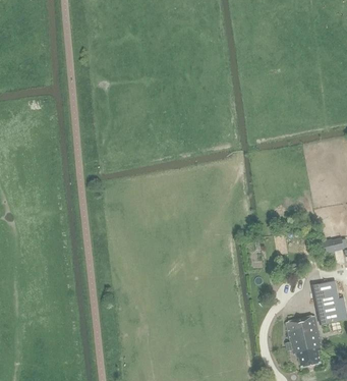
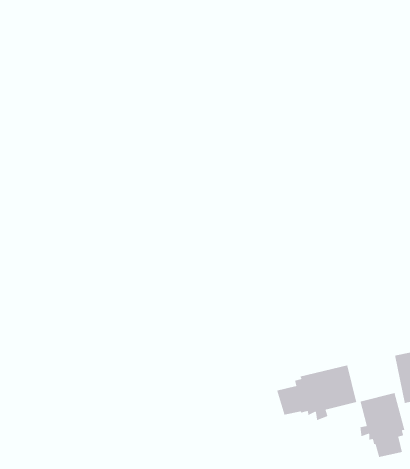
building: none -> [276,365,357,421]

